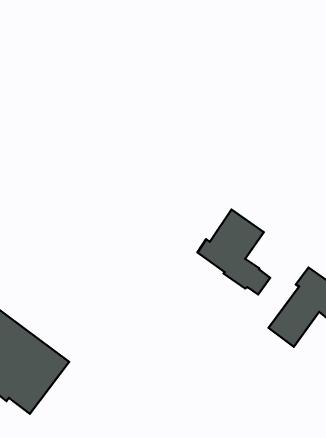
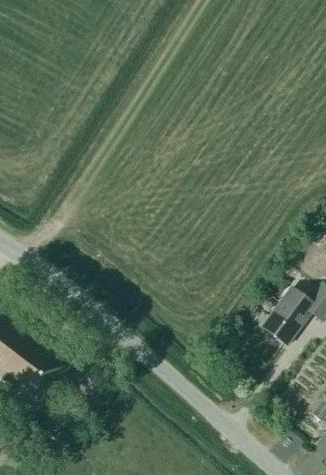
building: [197,210,270,295] -> none

